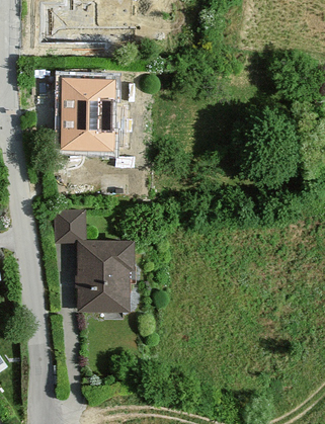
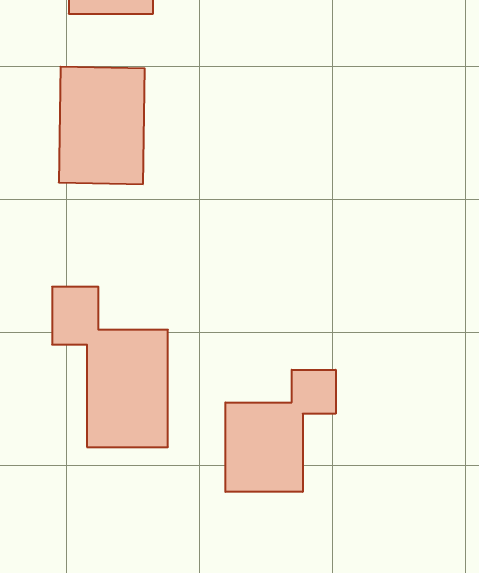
building: none -> [225,370,336,492]

